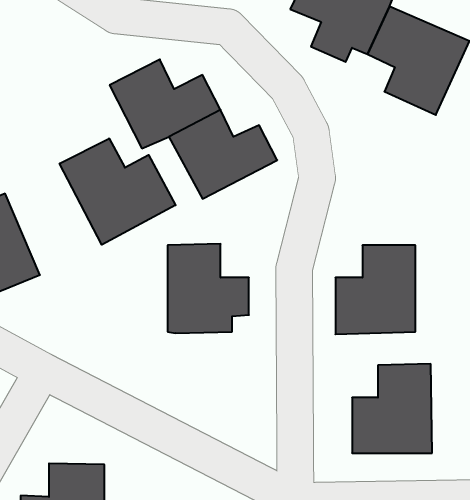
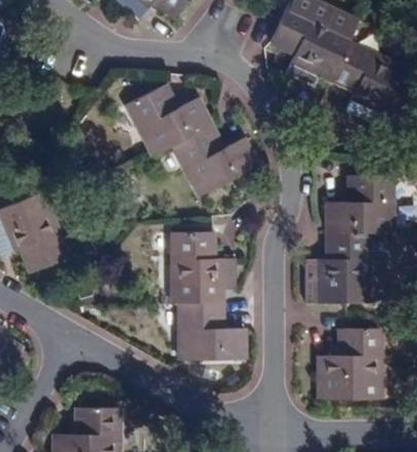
building: [60,138,176,245] -> none
building: none -> [325,173,392,232]
building: none -> [177,301,246,358]

